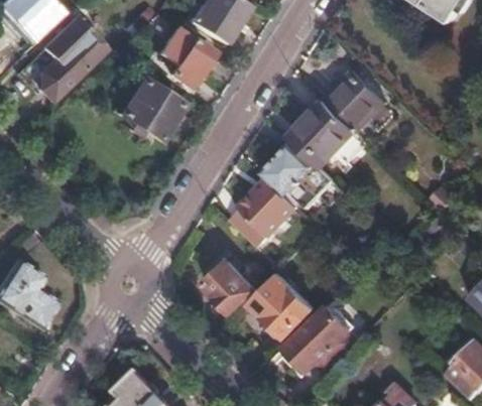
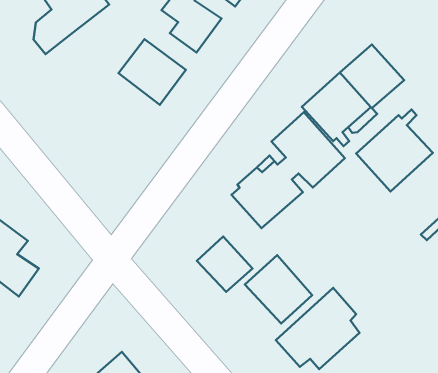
building: none -> [356,110,433,191]

